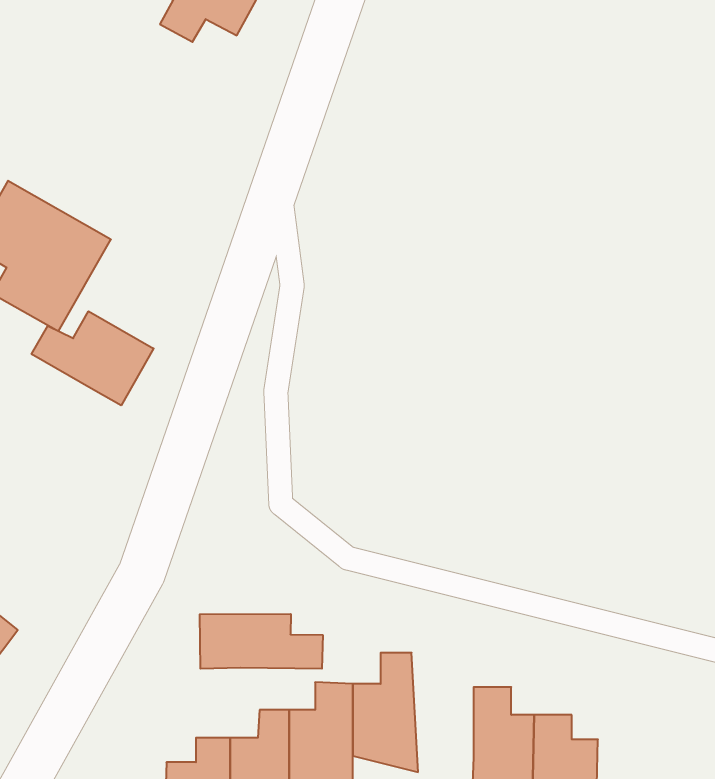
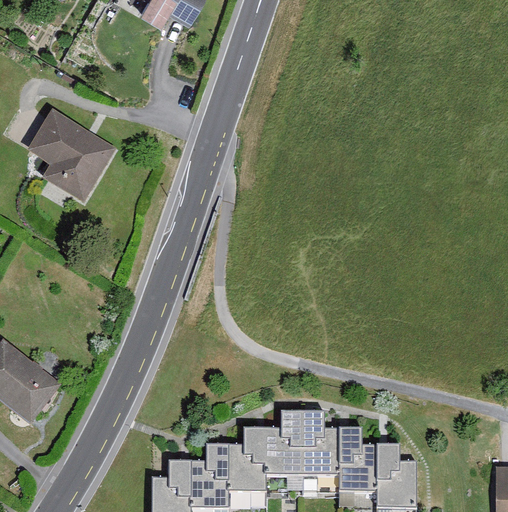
building: [32,311,154,405] -> none
building: [200,614,323,669] -> none
building: none -> [302,406,340,479]

